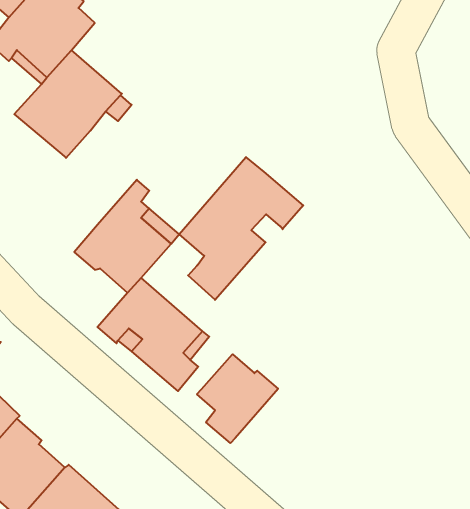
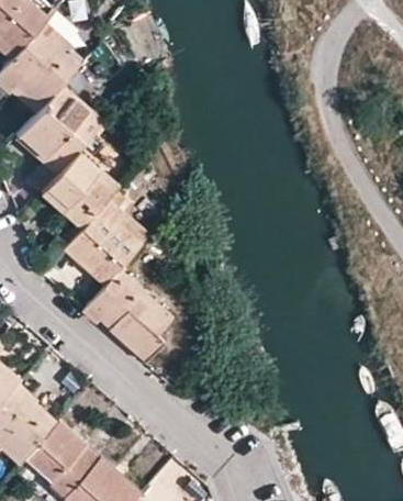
building: none -> [42,152,119,227]
building: [179,157,303,300] -> none
building: [197,354,278,443] -> none

